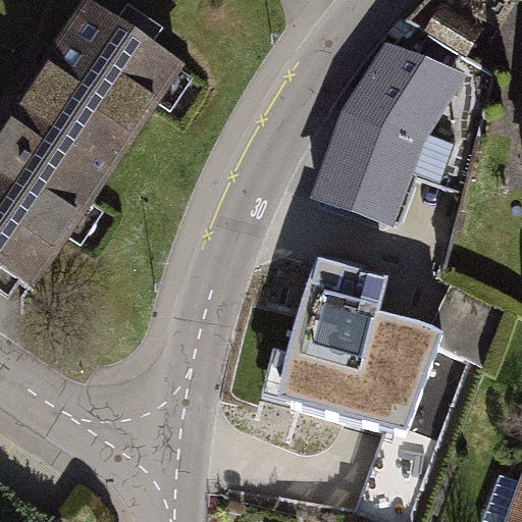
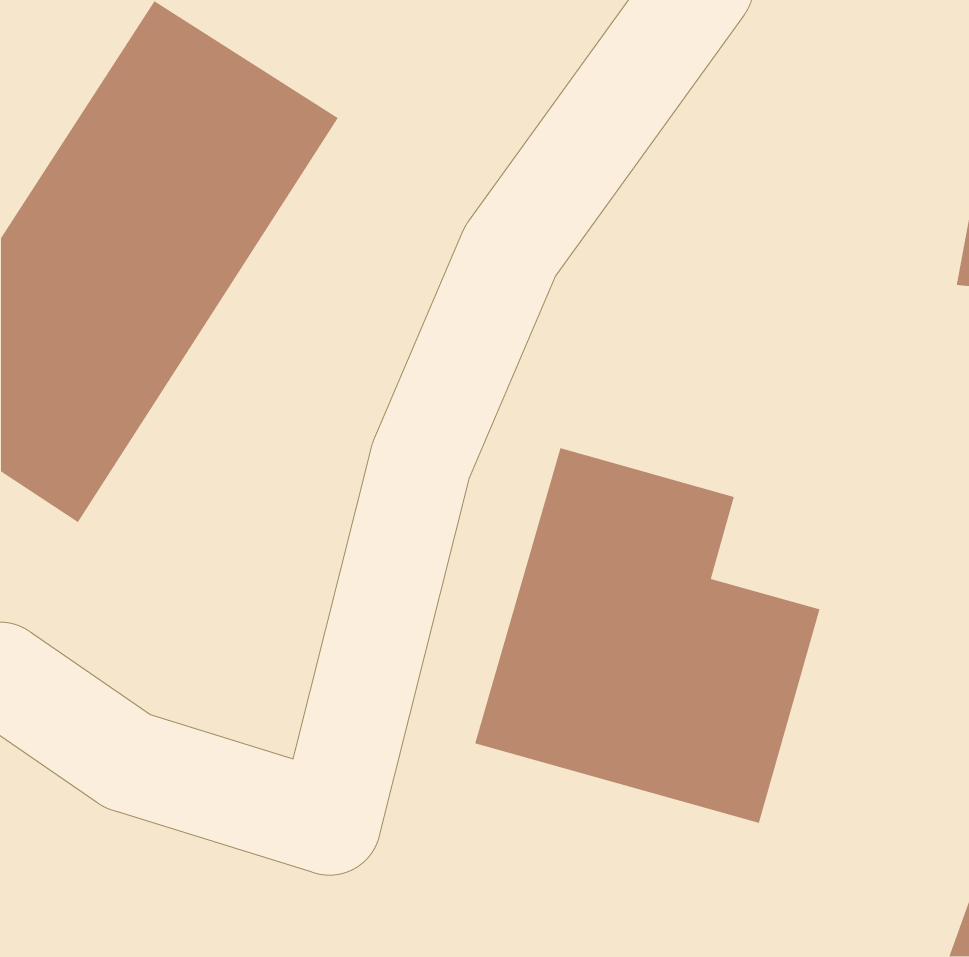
building: [311,40,465,223] -> none

